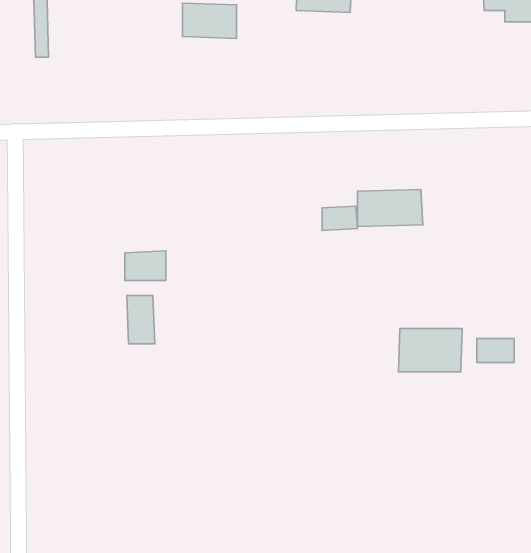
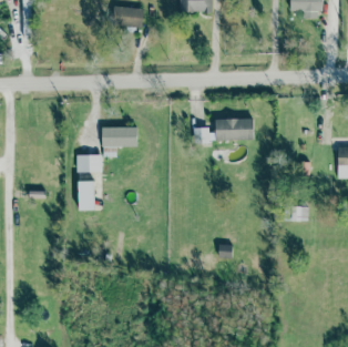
building: none -> [101,126,137,146]
building: [399,328,462,372] -> none

